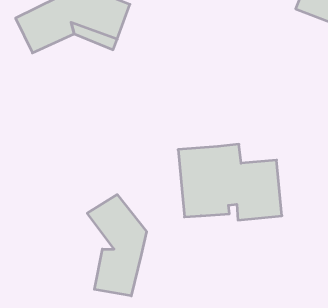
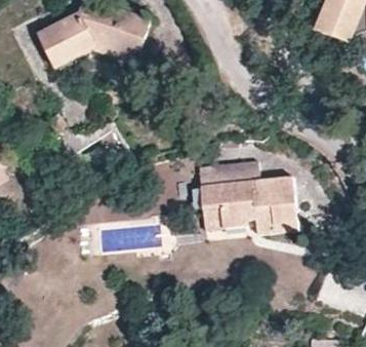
building: [87,195,147,296] -> none

